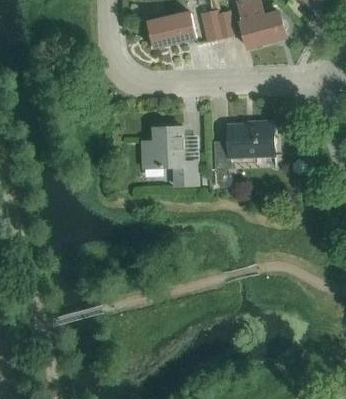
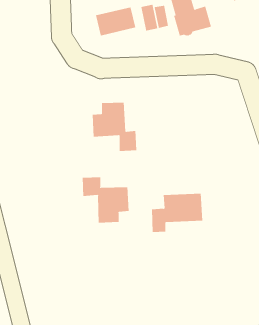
building: [213,122,275,169] -> [151,193,203,233]
building: none -> [82,176,129,223]

